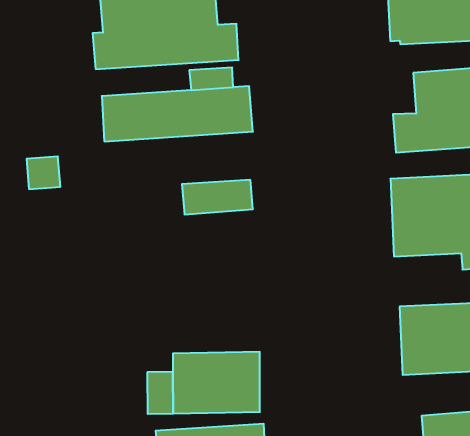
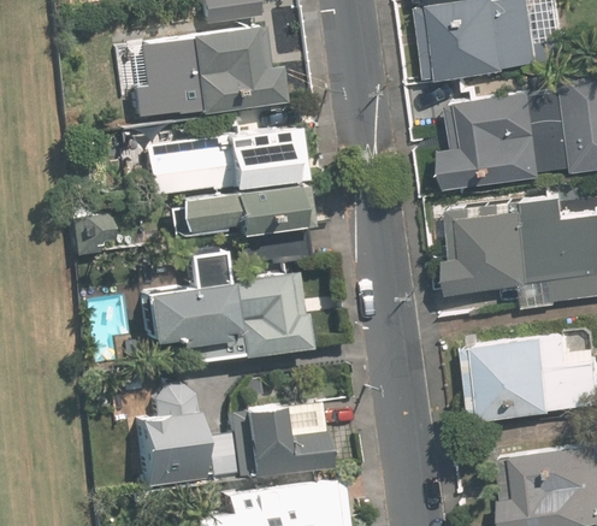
building: none -> [177,185,307,240]
building: none -> [142,254,306,360]
building: none -> [144,382,211,485]

